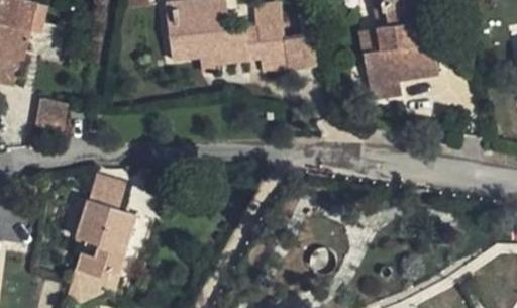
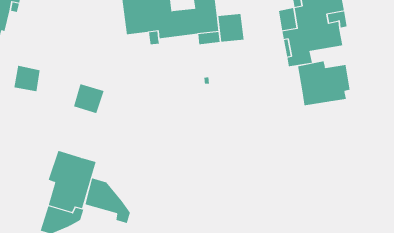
building: none -> [297,61,350,106]
building: [88,173,126,210] -> [73,83,104,114]
building: none -> [85,177,130,224]

